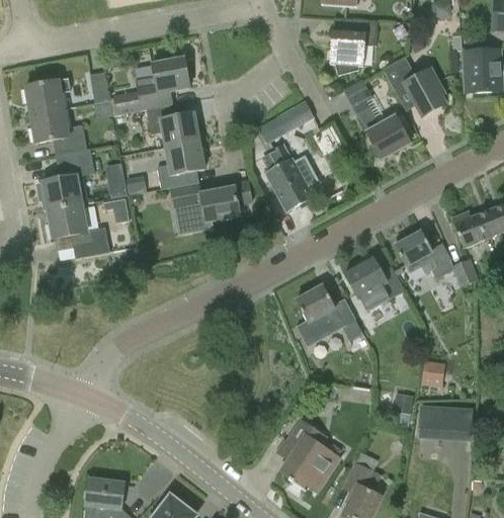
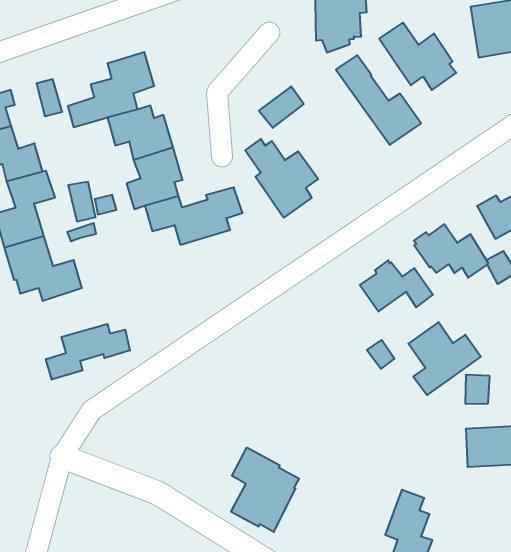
building: none -> [46,324,130,380]
building: [296,285,355,346] -> [408,322,481,395]
building: [281,418,342,492] -> [231,448,299,532]

